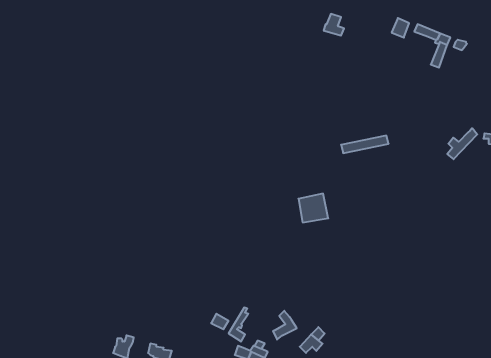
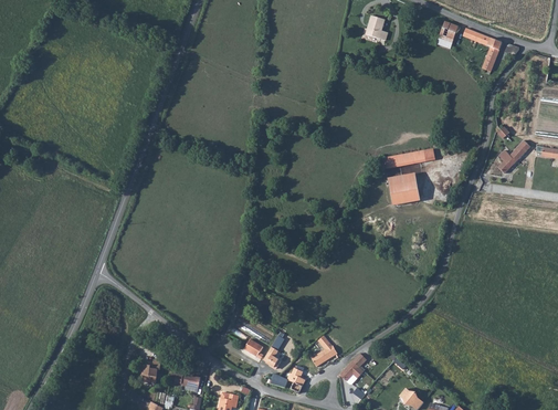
building: [298,194,328,222] -> [389,172,421,203]

